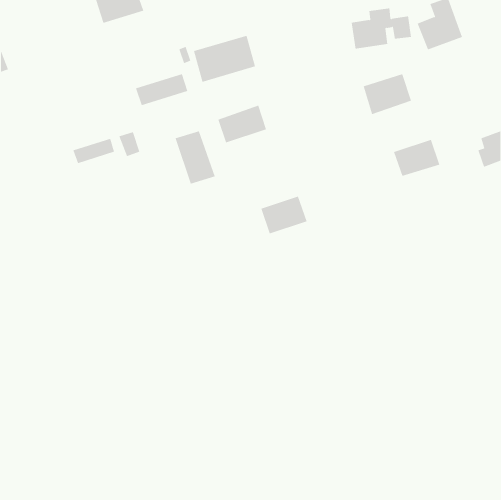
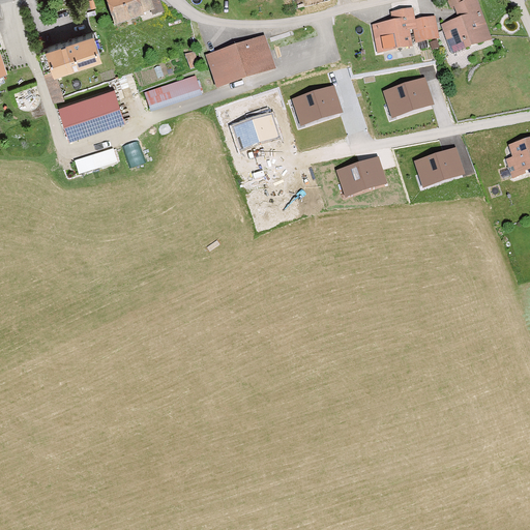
building: none -> [49,31,100,68]
building: none -> [291,85,341,125]
building: none -> [57,87,122,138]
building: [175,130,216,185] -> none
building: [260,196,307,234] -> [336,154,386,195]

